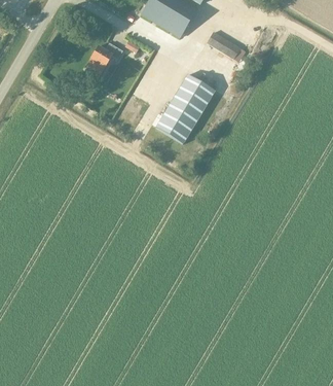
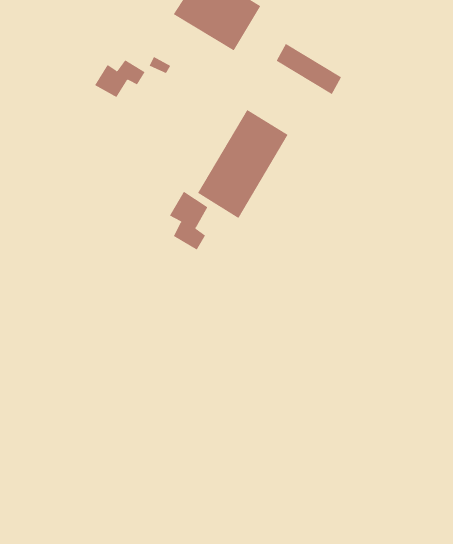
building: none -> [169,191,208,251]

